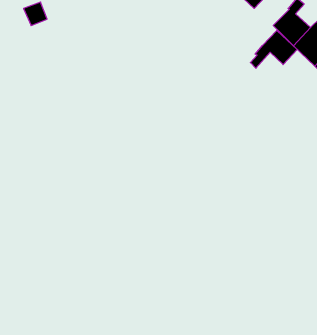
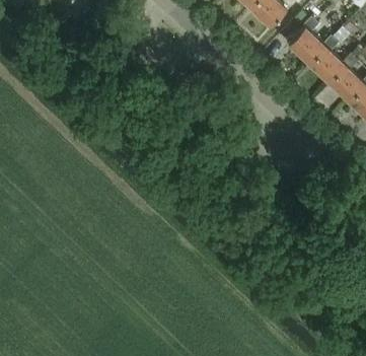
building: [250,30,297,68] -> none

